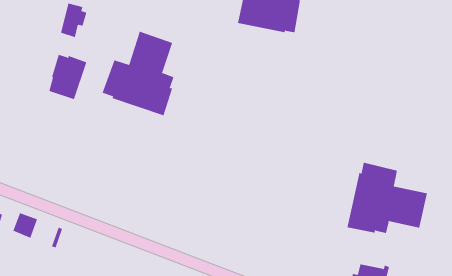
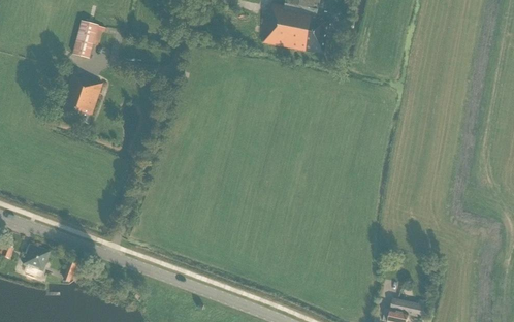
building: [102,31,174,116] -> none
building: [347,162,428,234] -> none

